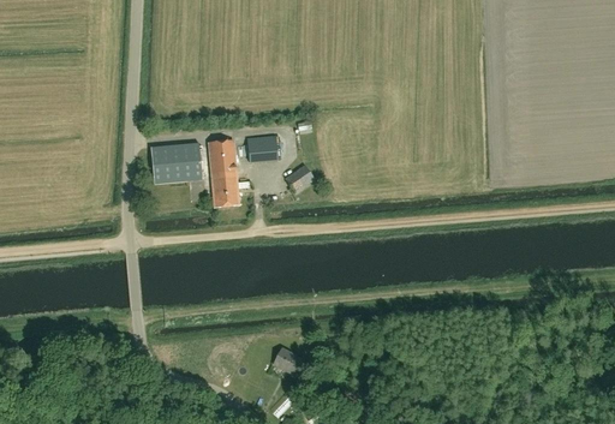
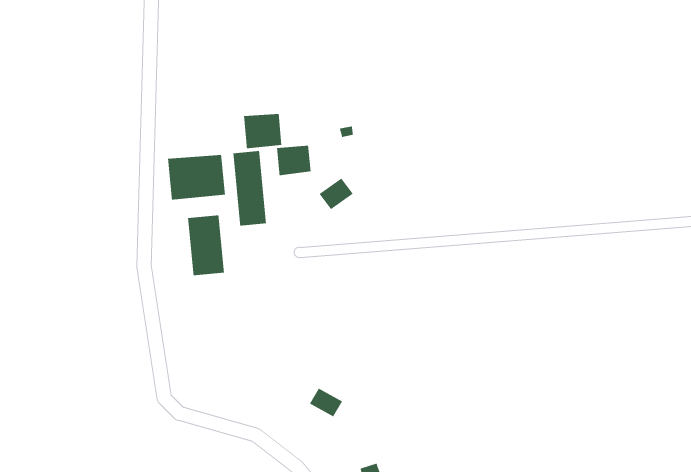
building: none -> [243,113,282,149]
building: none -> [187,215,225,276]

